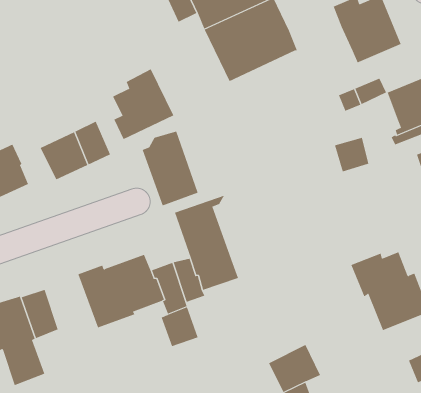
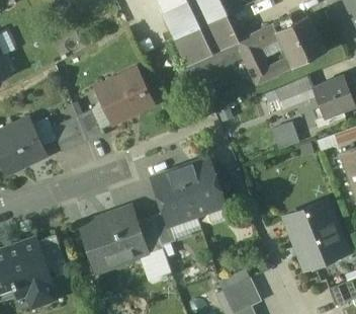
building: none -> [239,22,289,84]
building: [142,131,198,206] -> [181,159,224,216]

